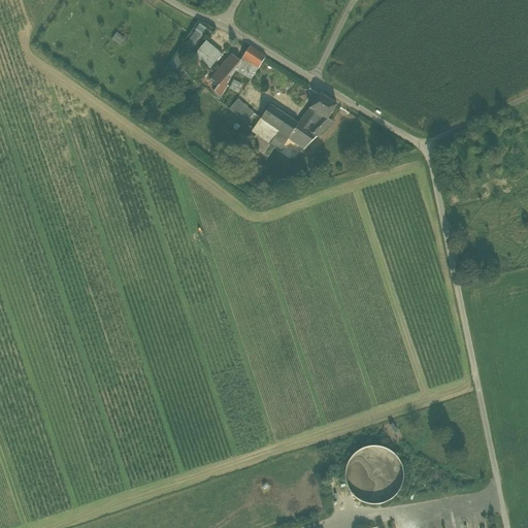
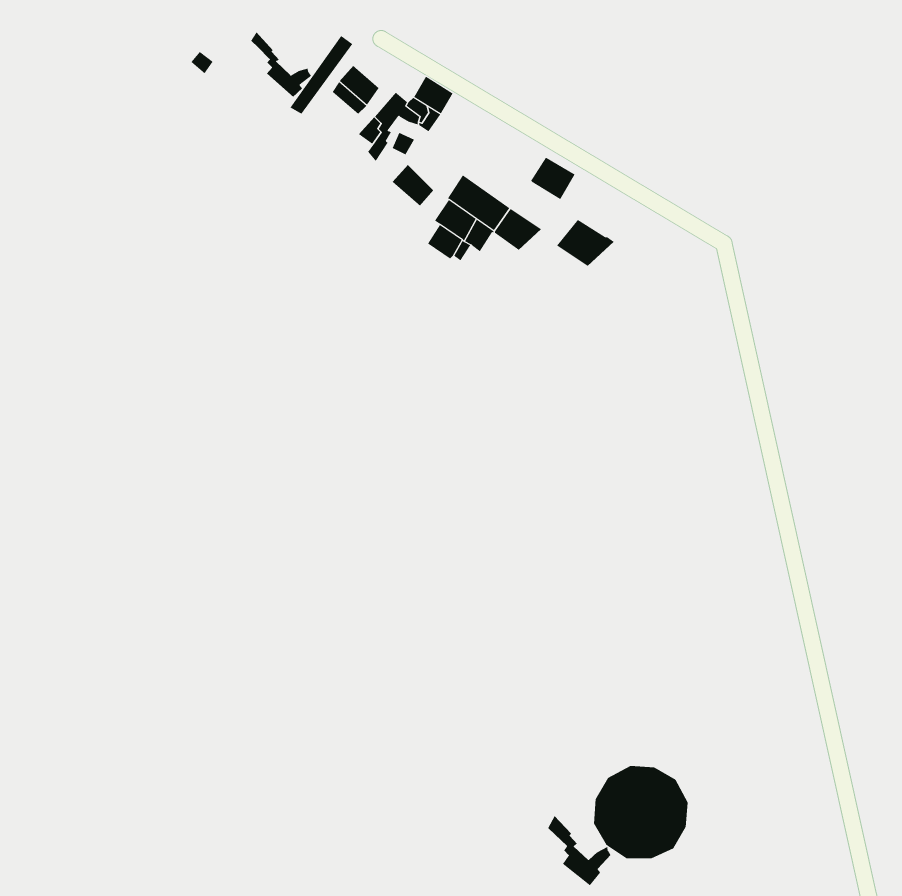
building: none -> [250,31,312,98]
building: [298,106,332,134] -> [556,219,614,267]
building: none -> [547,815,611,886]

